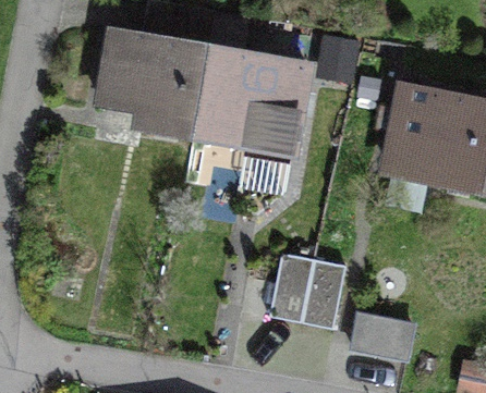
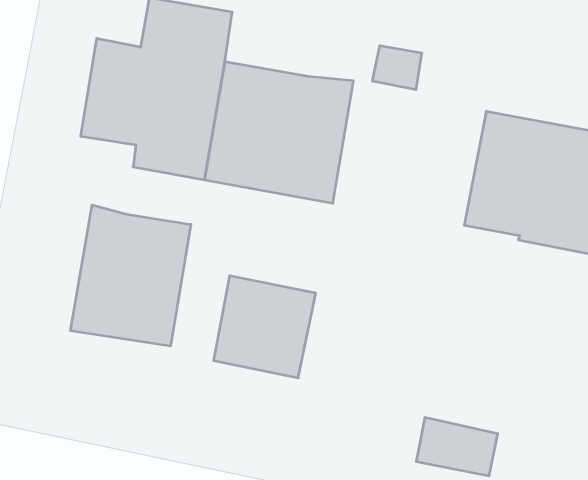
building: none -> [71,205,191,346]
building: [269,254,345,330] -> [214,276,316,378]

